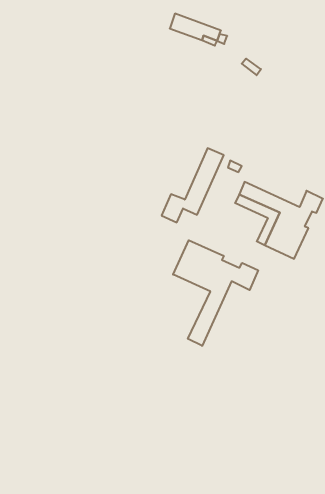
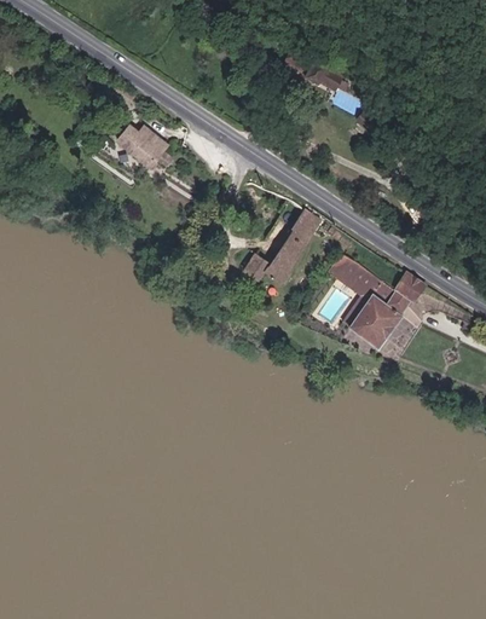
building: none -> [118,127,170,169]
building: [173,240,258,346] -> none

